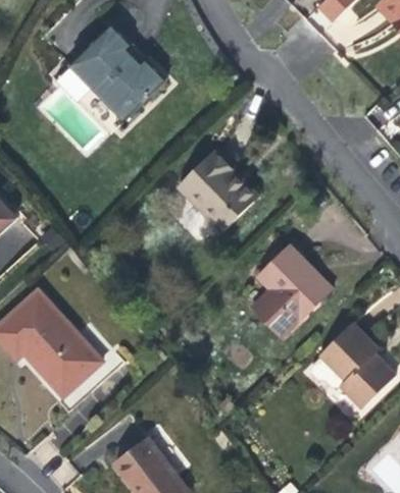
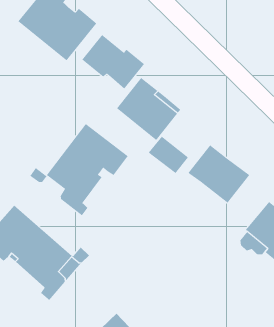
building: none -> [82,34,145,89]
building: none -> [30,123,129,216]
building: [251,288,301,337] -> [148,136,189,174]

